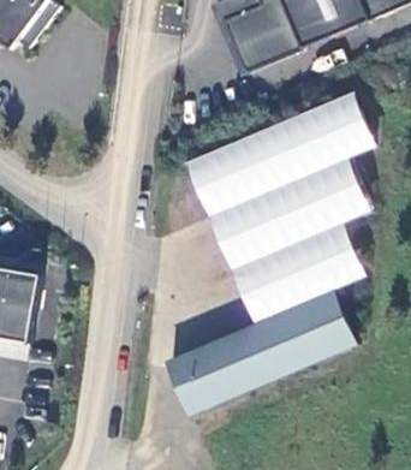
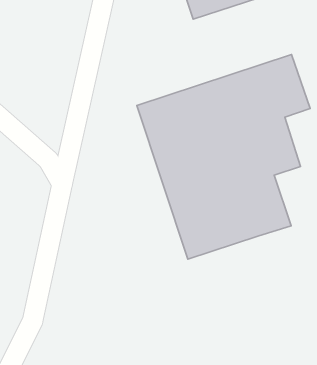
building: [167,292,355,416] -> none

